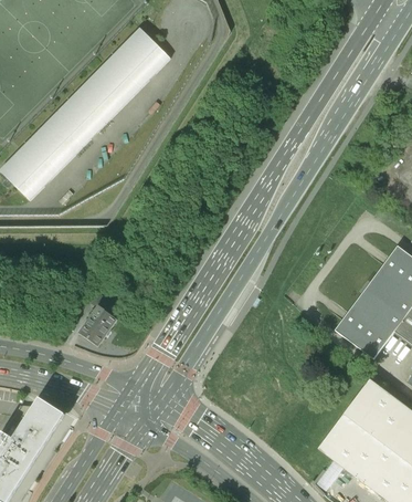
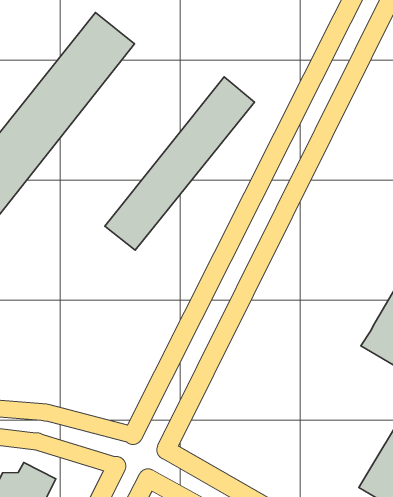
building: none -> [105,77,254,250]
building: [78,305,117,346] -> none

